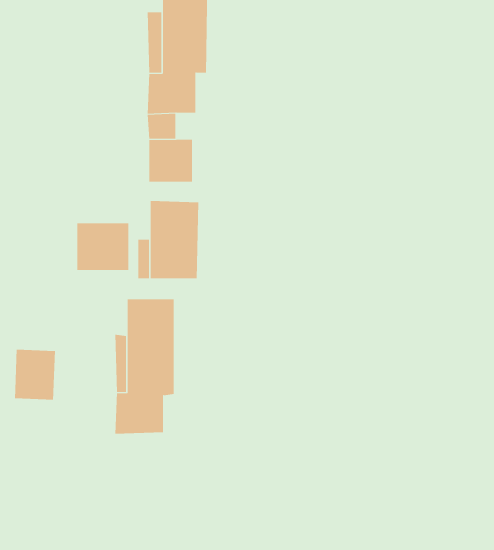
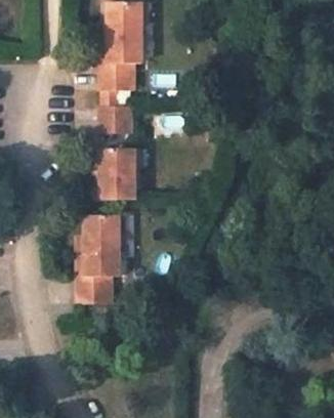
building: [77,223,129,271] -> none
building: [14,349,55,400] -> none

